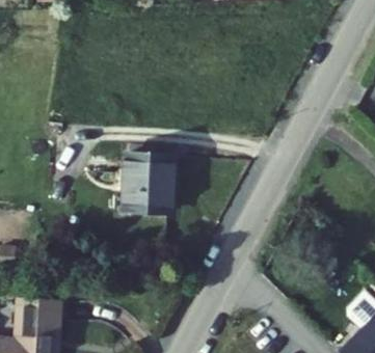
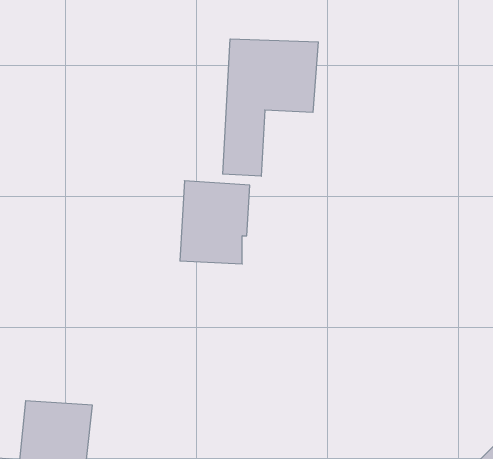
building: none -> [223,39,318,176]

